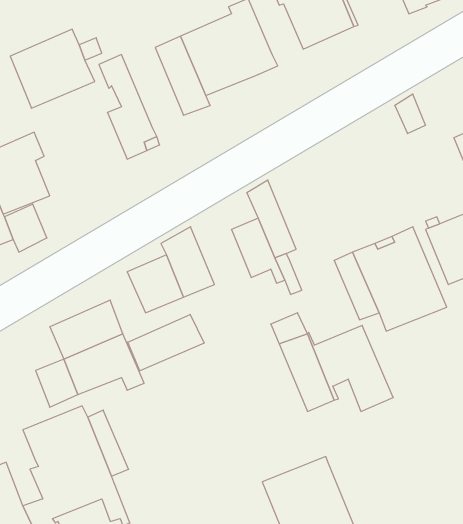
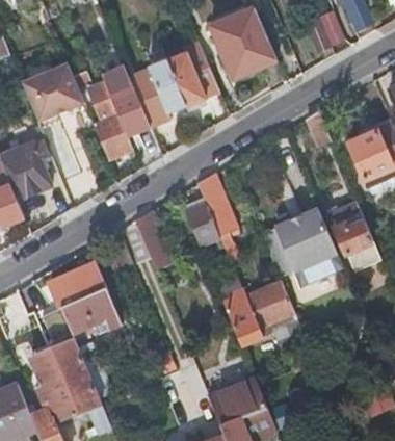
building: none -> [101,64,150,135]
building: [128,314,204,371] -> none

